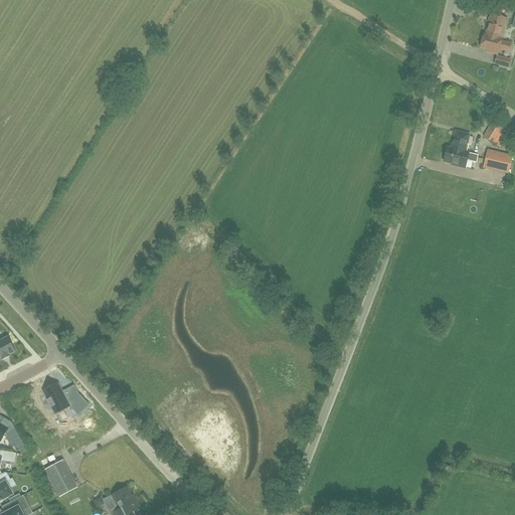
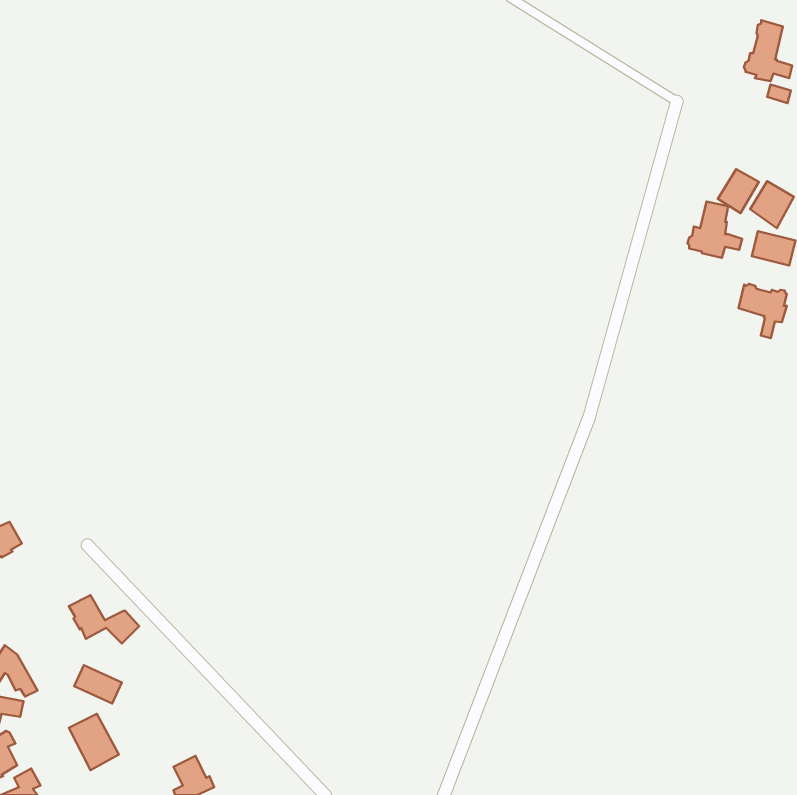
building: none -> [718,169,759,213]
building: none -> [738,284,787,338]
building: none -> [74,665,122,704]

